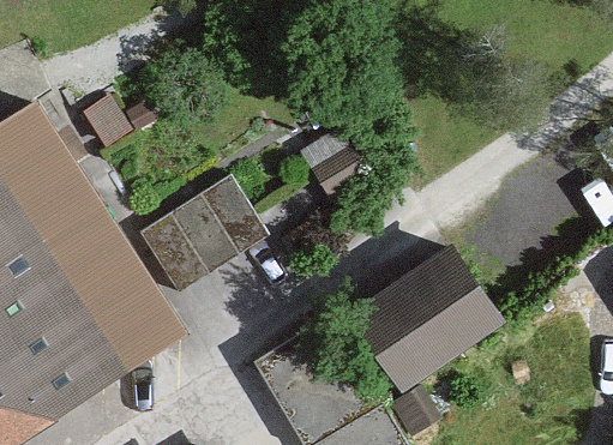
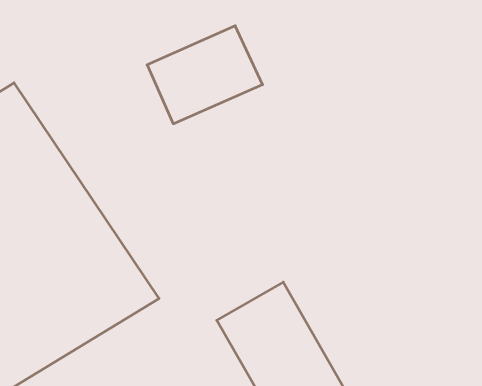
building: [143,170,270,278] -> [147,26,263,124]
building: [356,263,507,402] -> none

